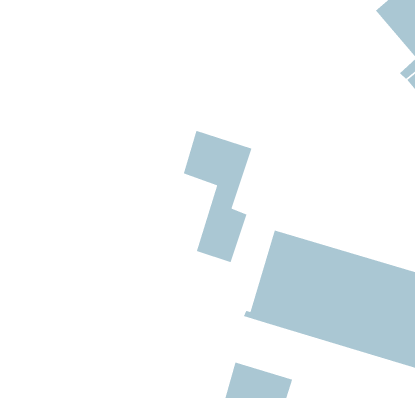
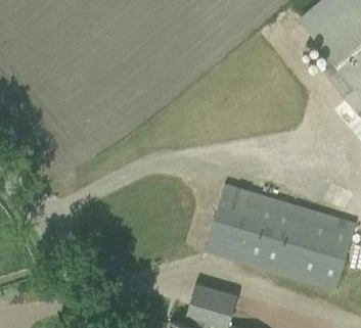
building: [183,130,252,263] -> none

